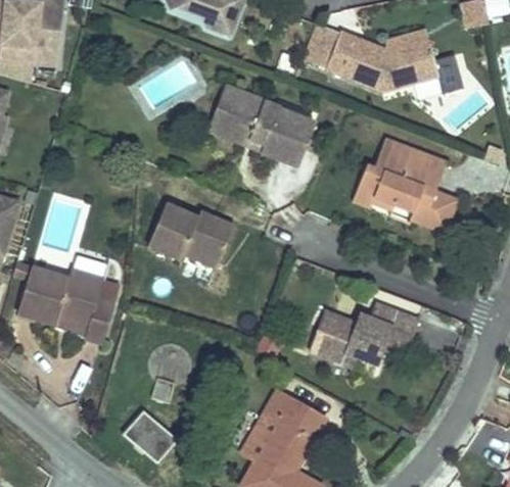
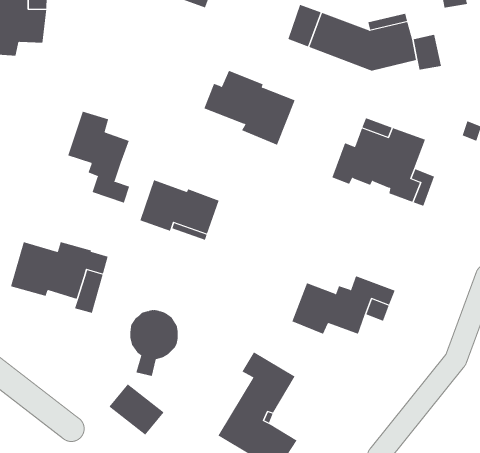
building: [208,85,262,152] -> none
building: none -> [67,111,130,203]

